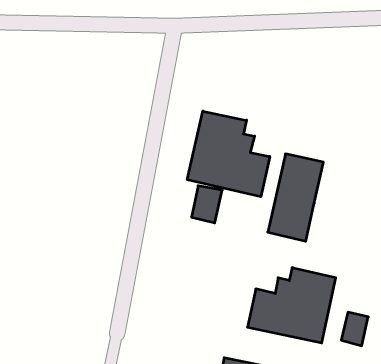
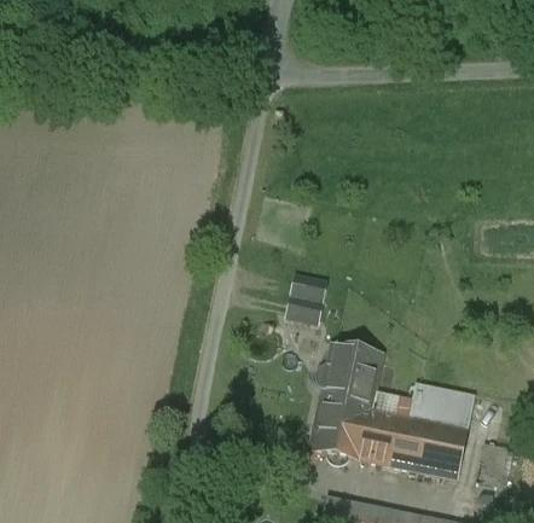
building: [187,111,270,197] -> none
building: [268,154,323,241] -> [309,344,382,458]

